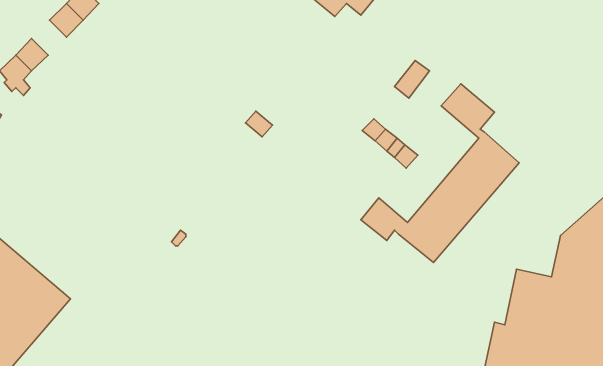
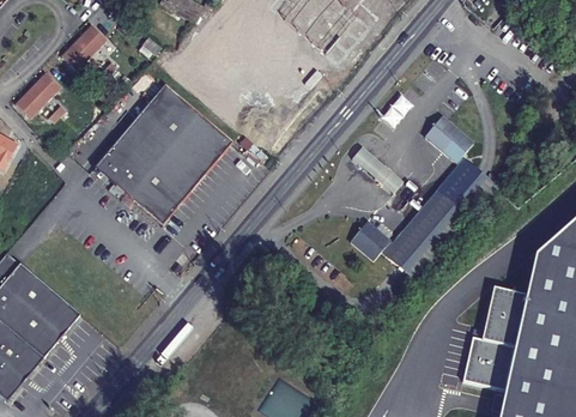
building: none -> [95,83,234,224]

